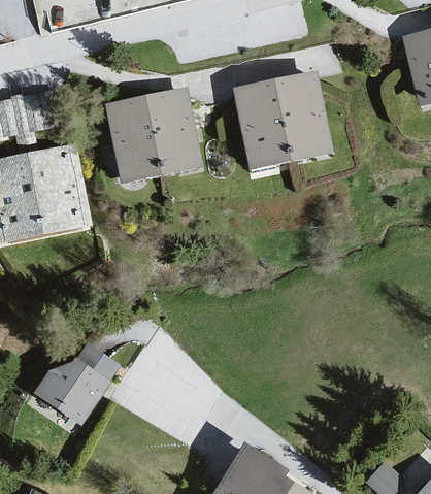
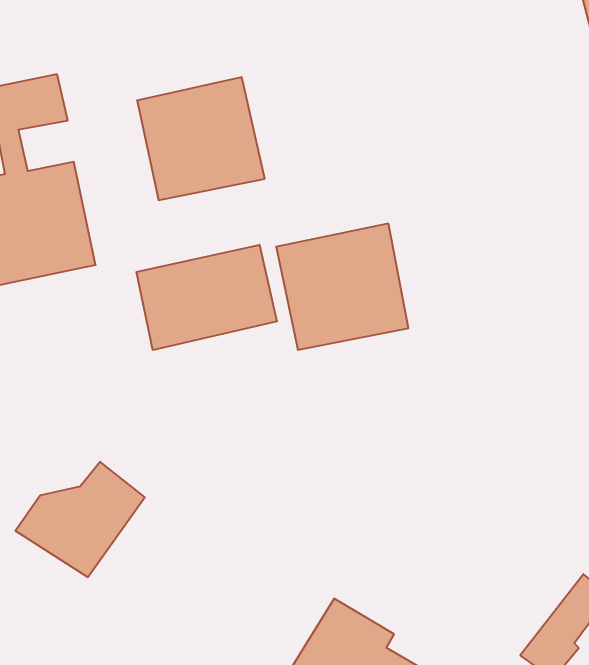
building: [239,76,328,161] -> [276,224,408,350]
building: none -> [136,245,277,350]

